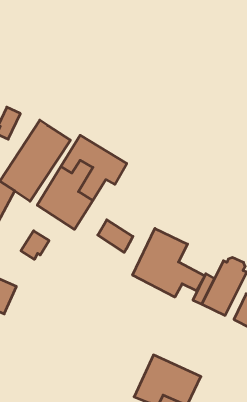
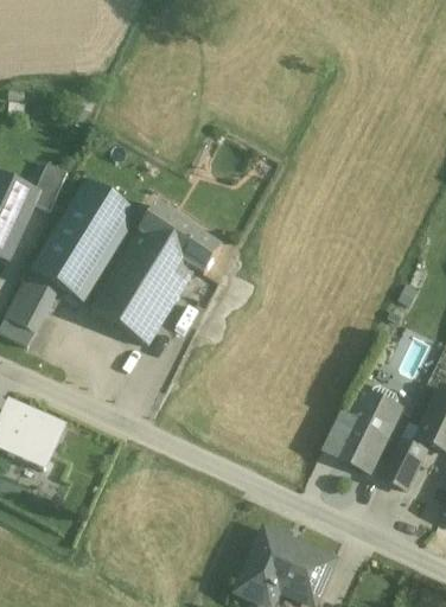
building: [98,220,133,252] -> none
building: [133,228,205,297] -> none
building: [21,231,49,259] -> none

